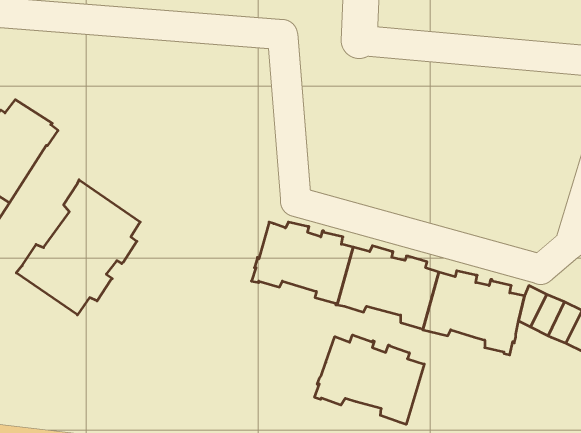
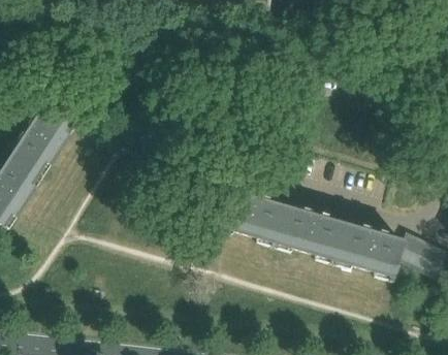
building: [16,180,140,315] -> none
building: [315,335,424,424] -> none

